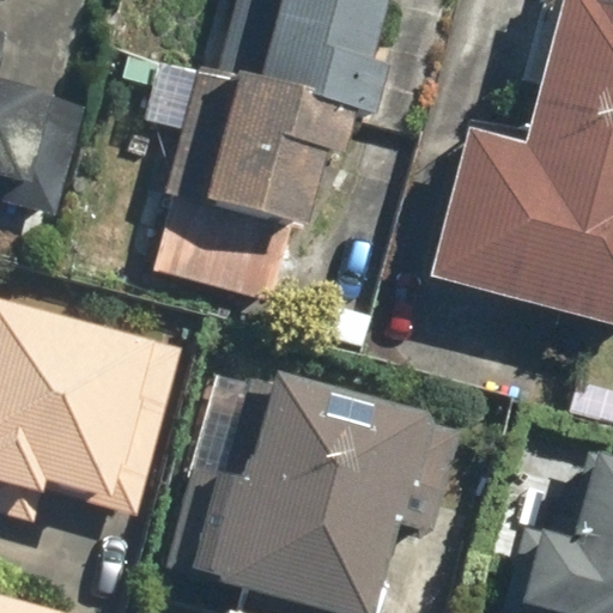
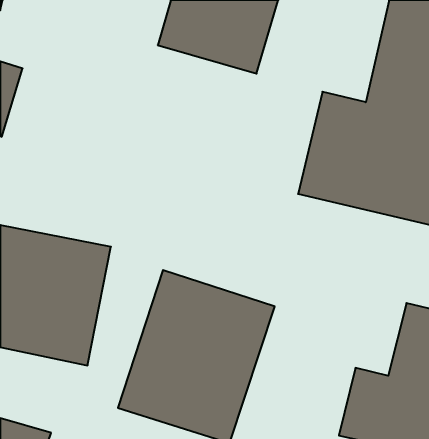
building: [159,73,344,302] -> none

